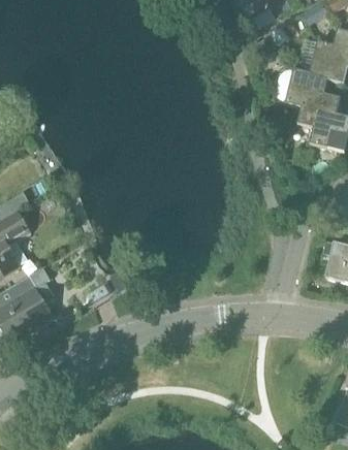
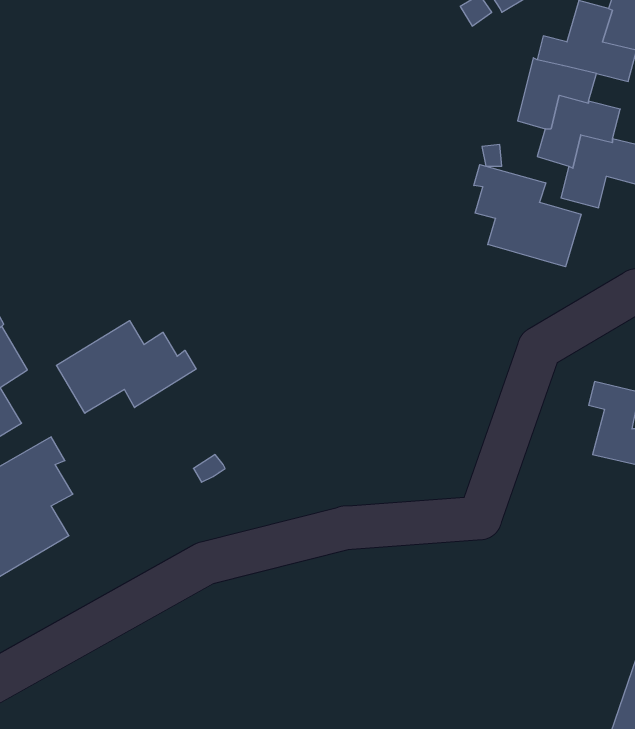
building: none -> [474,165,581,267]
building: none -> [56,321,196,413]

